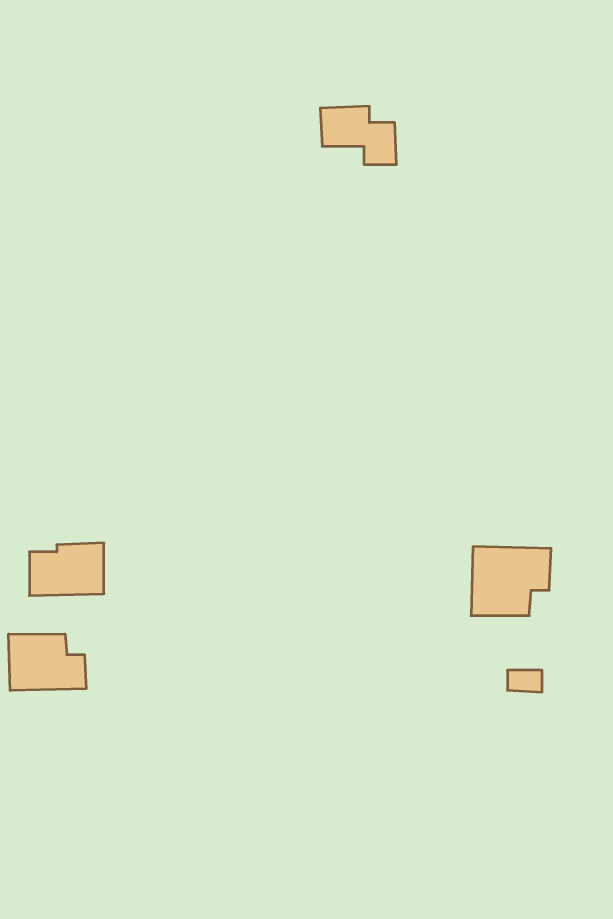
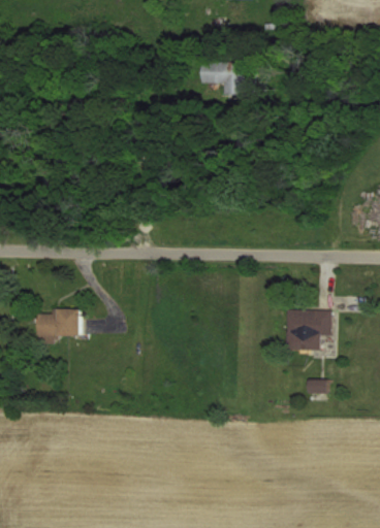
building: [9,634,86,691] -> none

